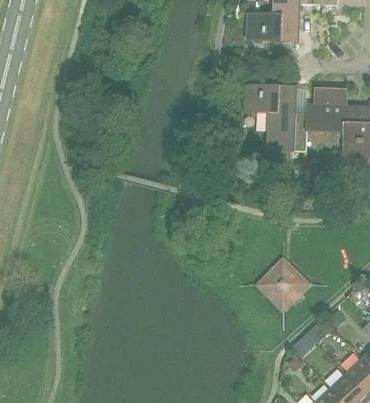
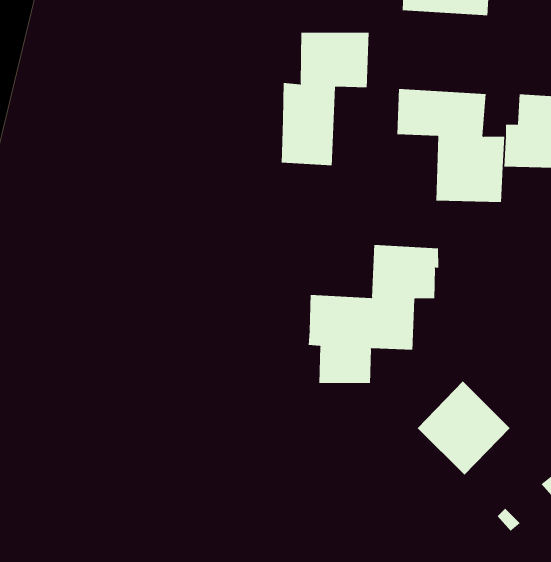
building: none -> [281,32,369,166]
building: none -> [308,244,439,384]

